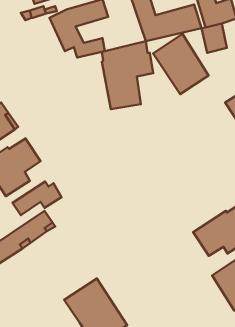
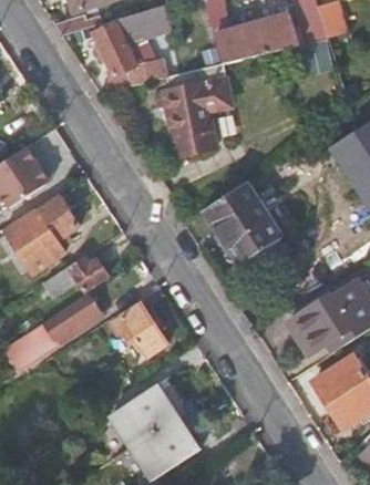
building: [153,34,209,94] -> [206,182,281,264]
building: none -> [110,303,167,353]

